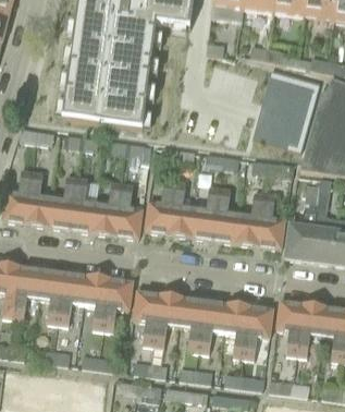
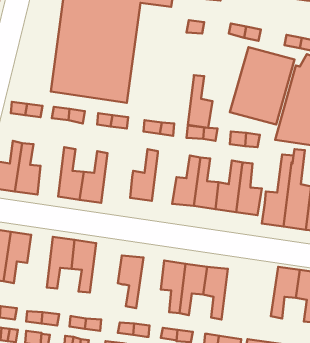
building: [48,175,76,229] -> none
building: [169,181,195,237] -> [188,75,212,128]
building: [115,183,143,239] -> none
building: [37,269,64,325] -> none
building: [103,278,133,332] -> none
building: [152,293,182,348] -> none
building: [275,300,303,355] -> none
building: [243,305,272,360] -> none

